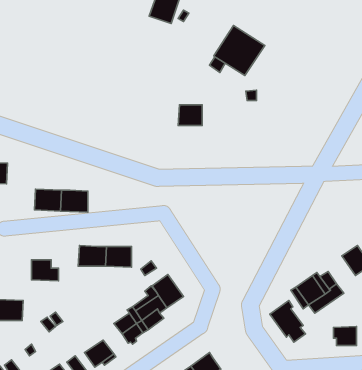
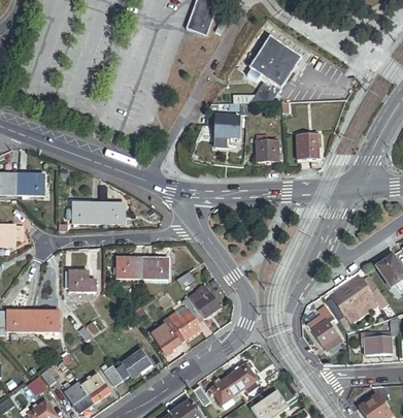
building: none -> [297,134,320,159]
building: none -> [257,135,279,162]

